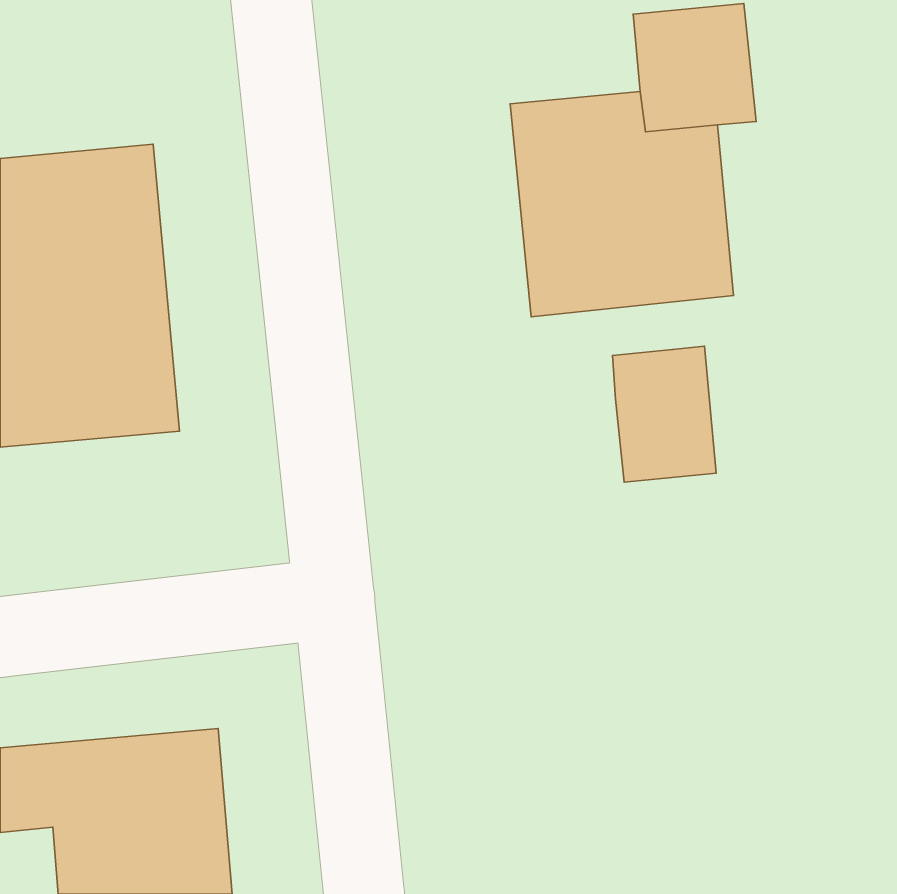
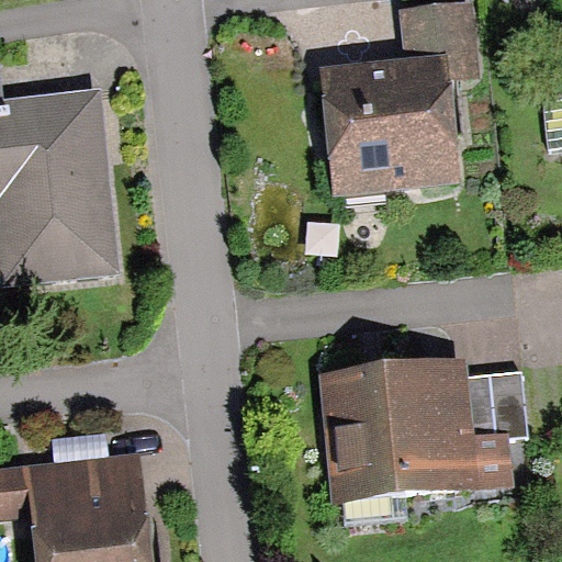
building: [612,346,716,482] -> none
building: none -> [323,368,525,502]

